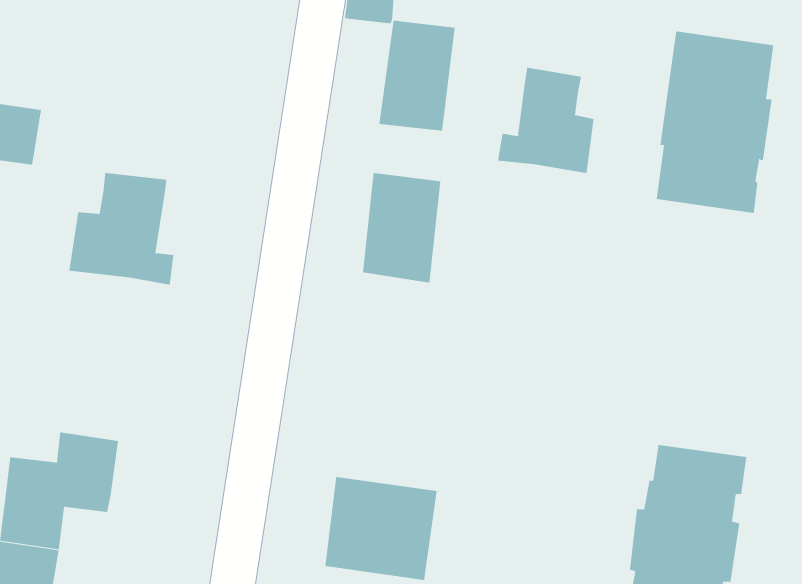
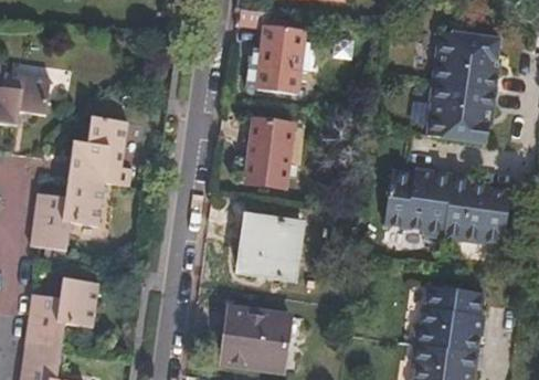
building: [497,67,594,174] -> none
building: none -> [383,171,511,247]
building: none -> [28,179,103,250]
building: none -> [241,214,303,278]

